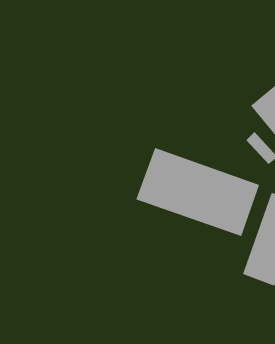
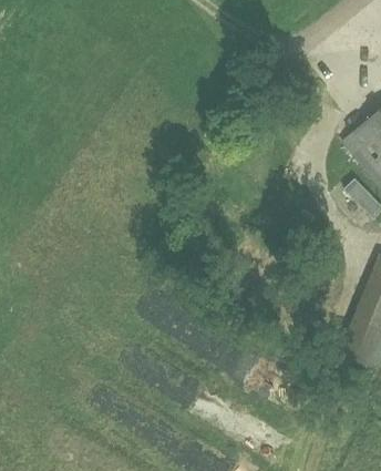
building: [136,147,260,237] -> none

